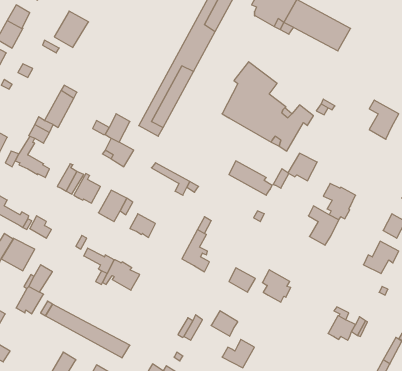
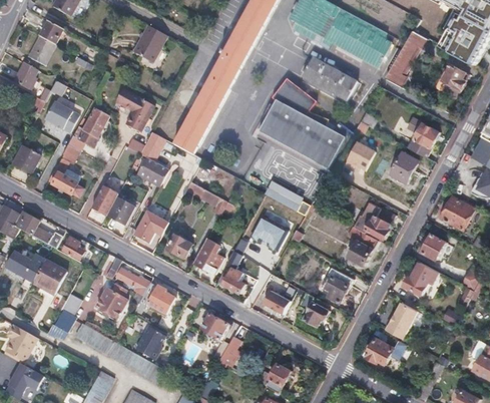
building: none -> [388,26,428,83]
building: [54,11,89,47] -> [131,24,166,61]
building: none -> [301,58,356,101]
building: none -> [117,88,153,130]
building: none -> [45,100,78,131]
building: none -> [390,151,418,182]
building: [288,153,317,181] -> [344,142,374,170]
building: none -> [252,217,289,252]
building: none -> [193,237,222,272]
building: none -> [326,267,353,302]
building: none -> [95,285,126,317]
building: none -> [385,301,418,337]
building: none -> [134,325,165,359]
building: [211,311,238,336] -> [201,311,228,337]

